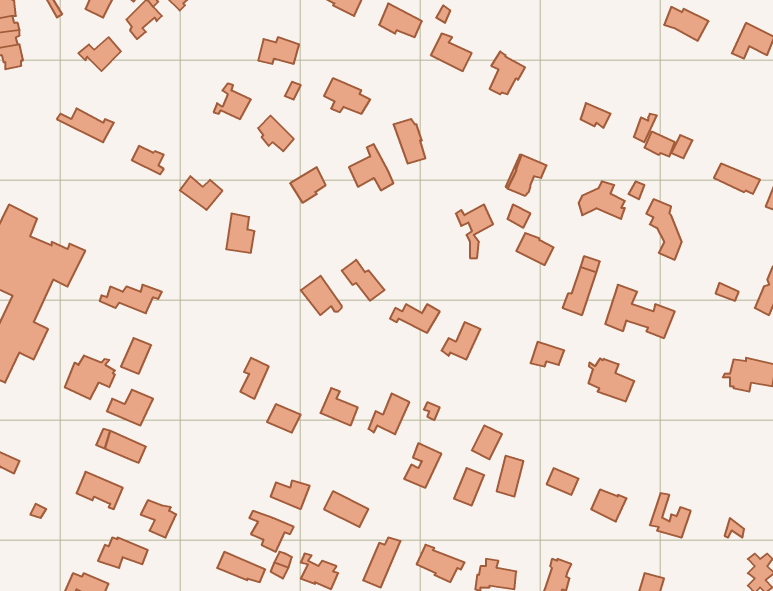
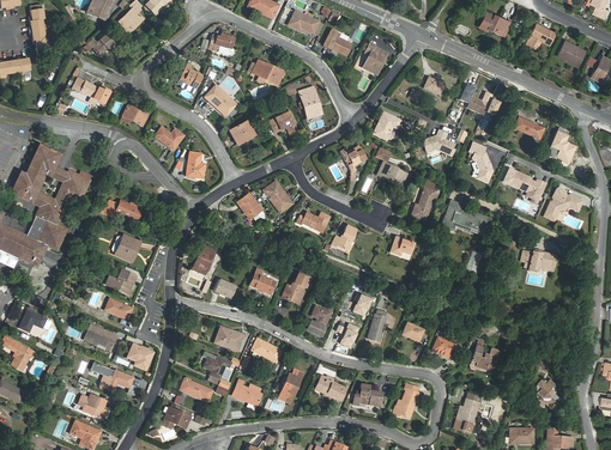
building: none -> [507,169,543,199]
building: [65,355,115,399] -> none
building: [589,358,634,402] -> none

